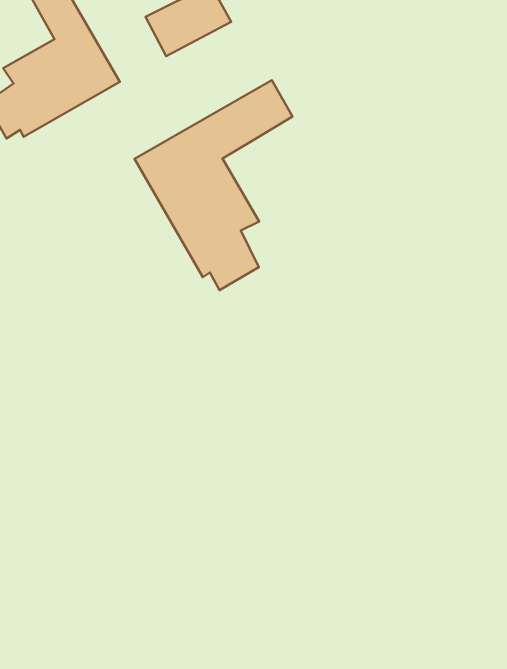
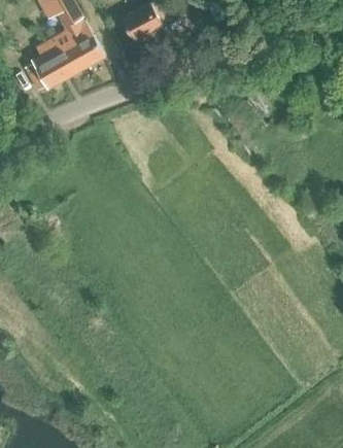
building: [134,80,292,290] -> none

